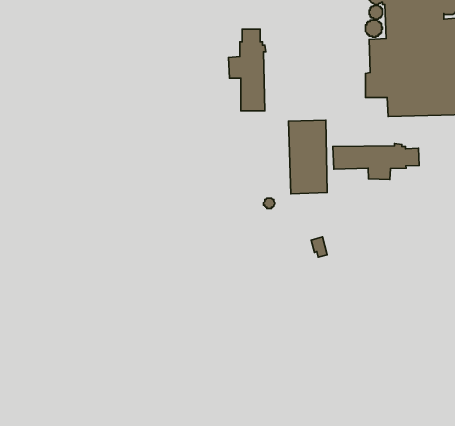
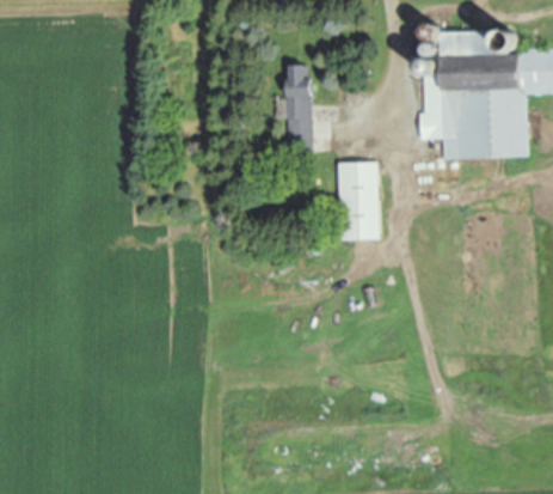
building: [333,144,419,179] -> none

